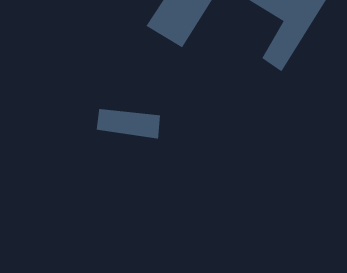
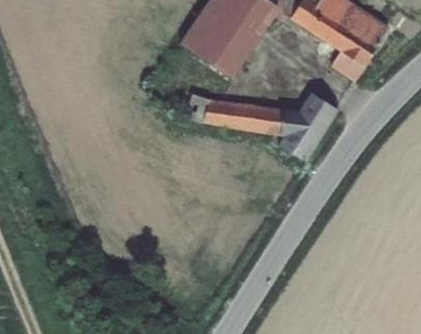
building: none -> [285,105,330,154]
building: [96,109,161,139] -> [207,102,280,136]

